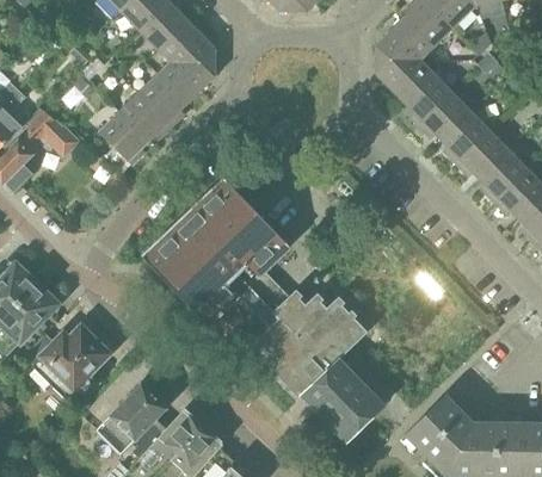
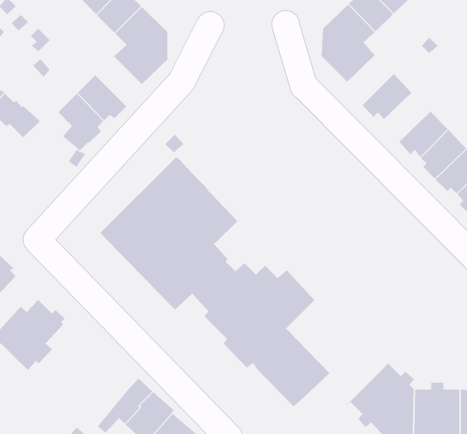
building: [402,72,451,124] -> none
building: [138,73,187,125] -> none
building: [441,111,489,162] -> none
building: [96,384,170,459] -> none

